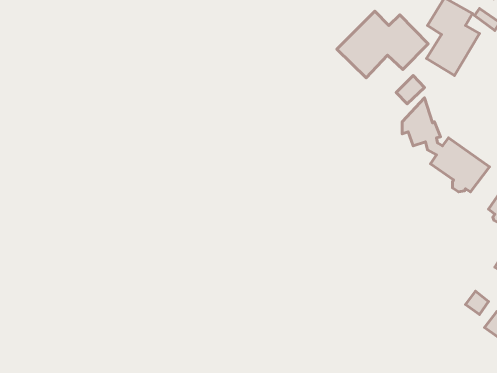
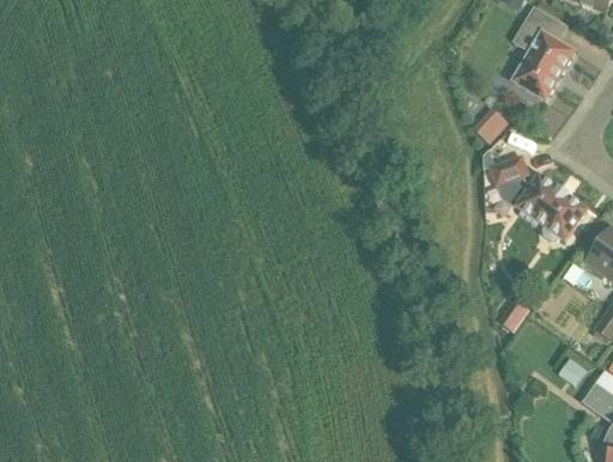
building: [337,11,428,78] -> none

